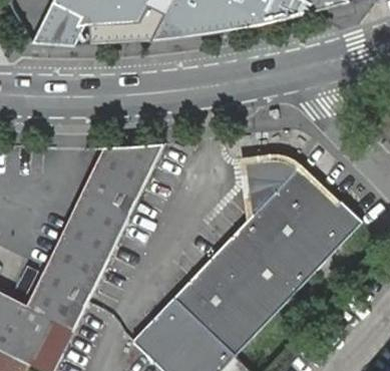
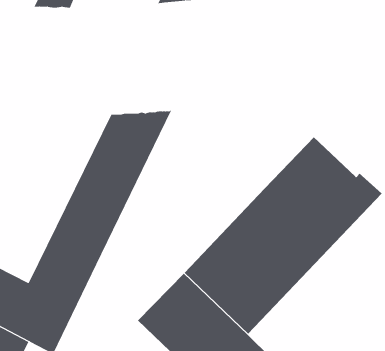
building: [240,157,298,215] -> none

